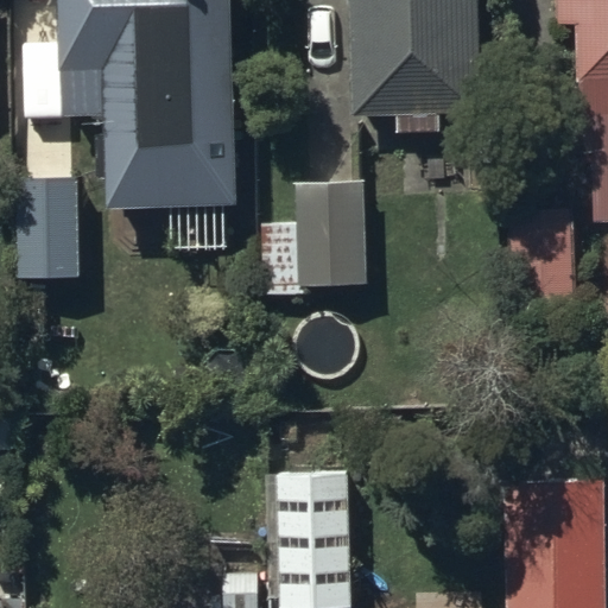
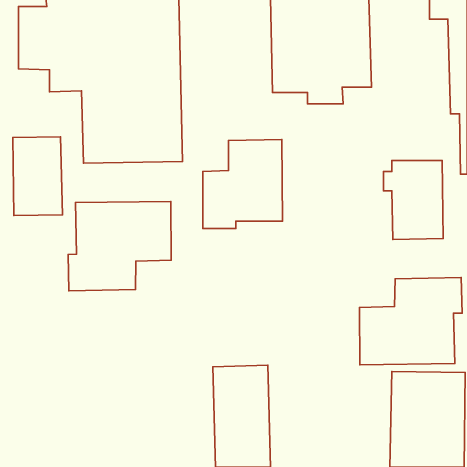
building: none -> [68,201,171,291]
building: none -> [359,277,462,365]

